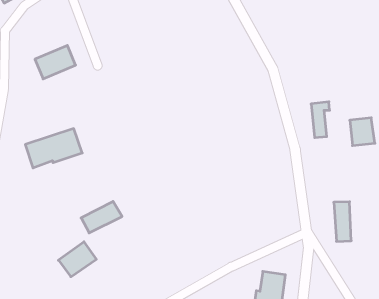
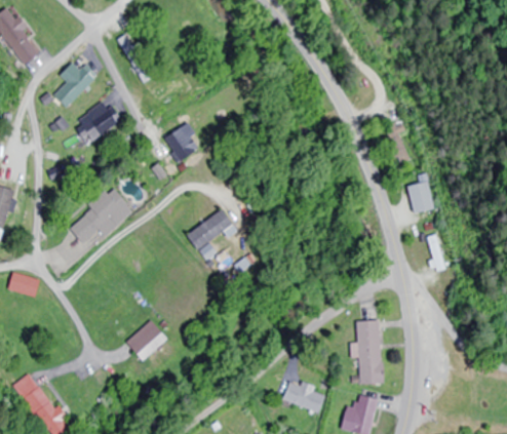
building: none -> [49,60,91,110]
building: none -> [160,130,194,165]
building: [350,118,375,146] -> [402,181,434,214]
building: [81,201,122,233] -> [184,207,229,246]

